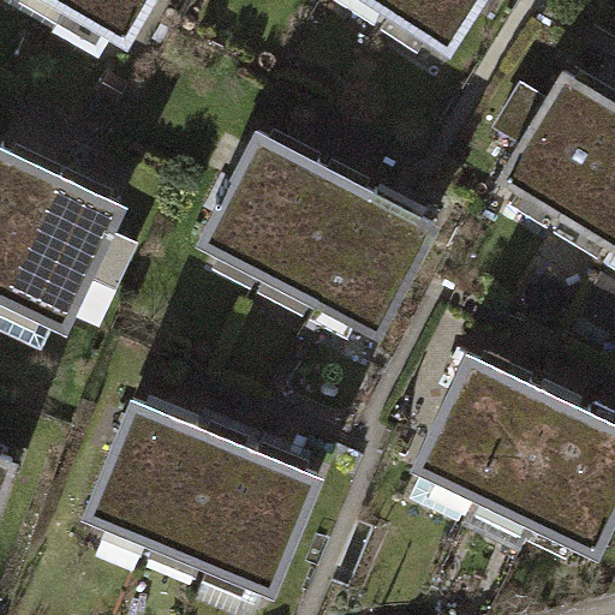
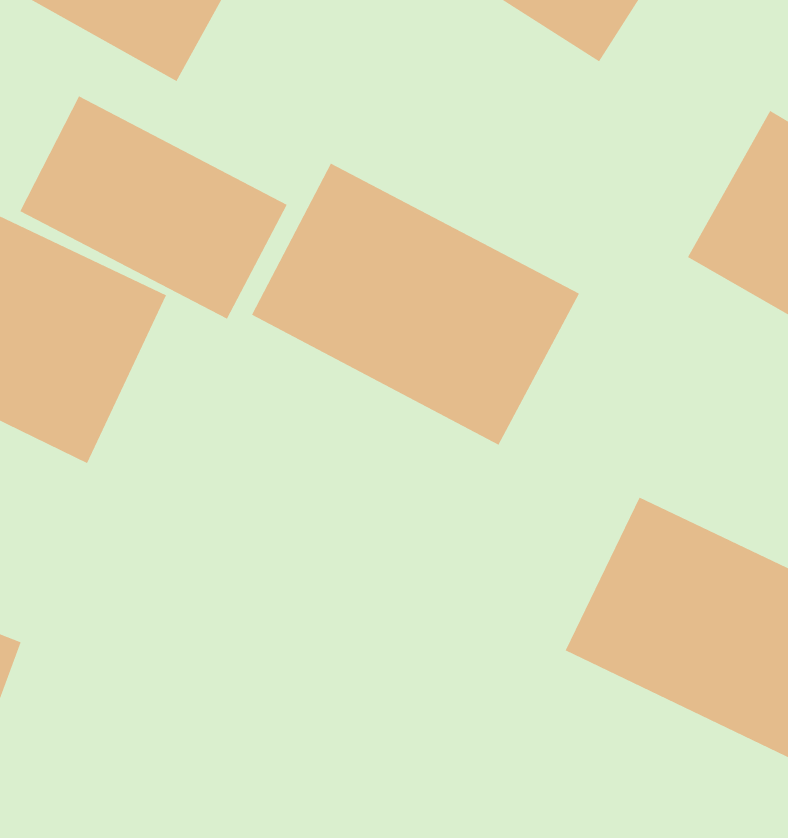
building: none -> [19,95,287,320]
building: [94,410,329,604] -> none

